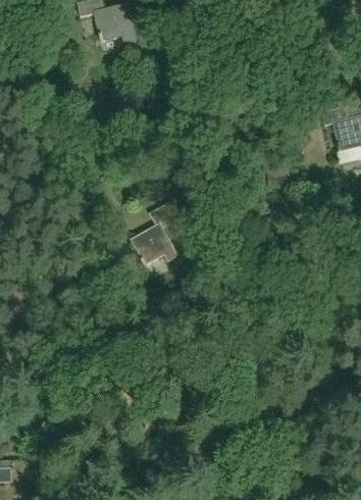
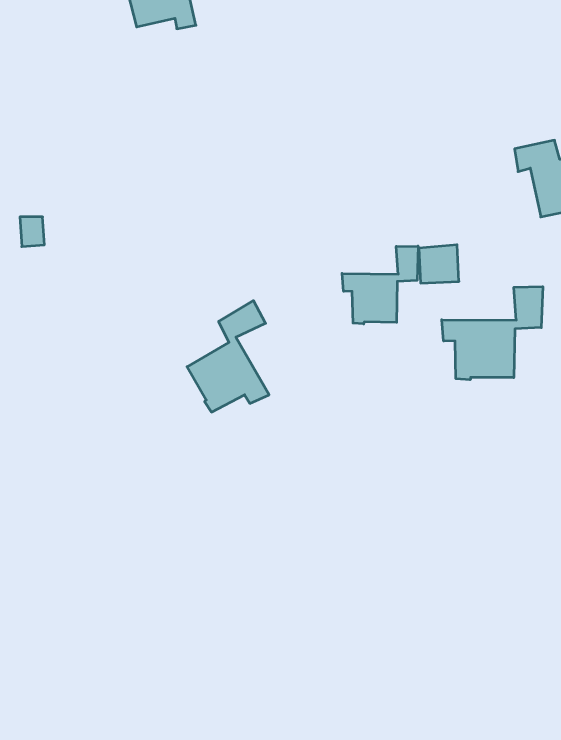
building: none -> [342,246,418,324]
building: none -> [442,287,543,380]

